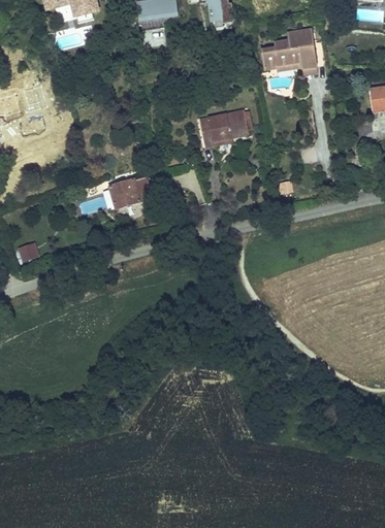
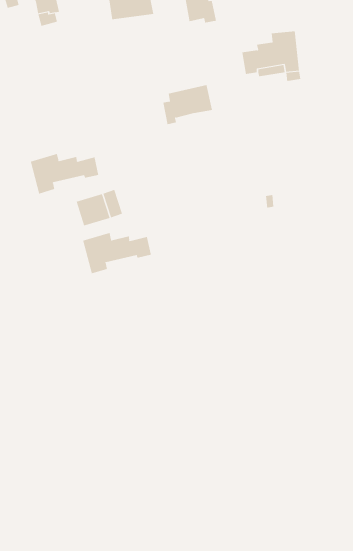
building: [201,109,248,146] -> [162,85,213,125]
building: none -> [30,153,99,194]
building: none -> [83,232,151,274]

